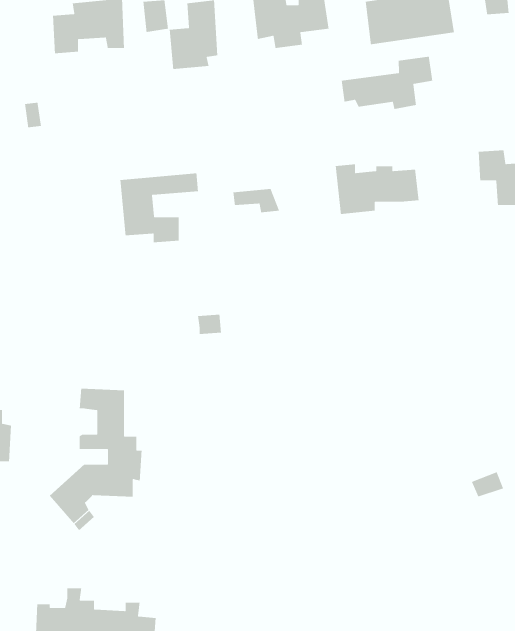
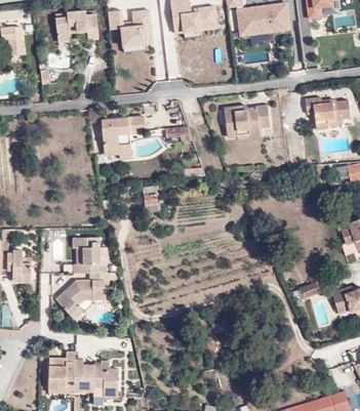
building: [341,56,433,110] -> none

